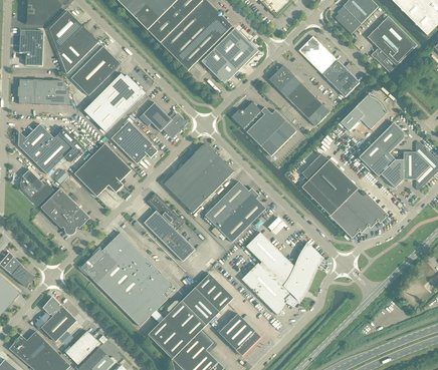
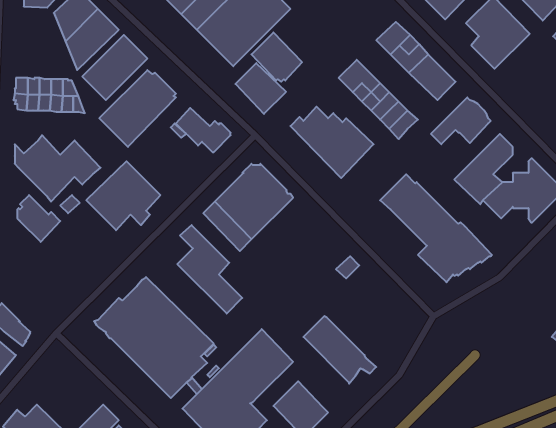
building: [218,28,257,67] -> [235,63,286,114]
building: [20,30,43,66] -> none
building: [111,120,157,163] -> none
building: [204,181,265,242] -> none
building: [40,188,89,235] -> none
building: [245,232,321,300] -> none
building: [40,296,76,342] -> none

